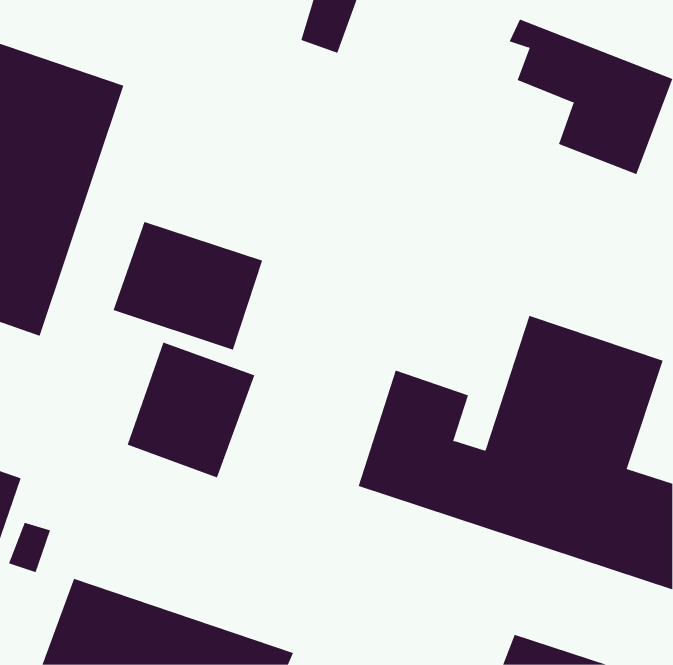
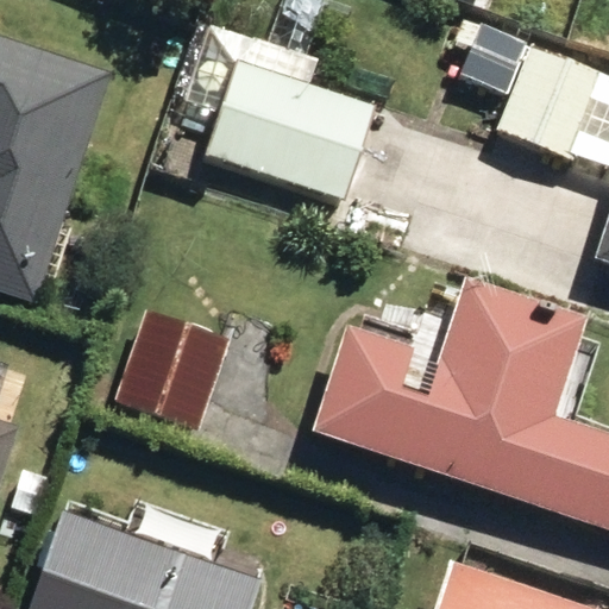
building: none -> [206,57,373,196]
building: [113,221,263,350] -> none

